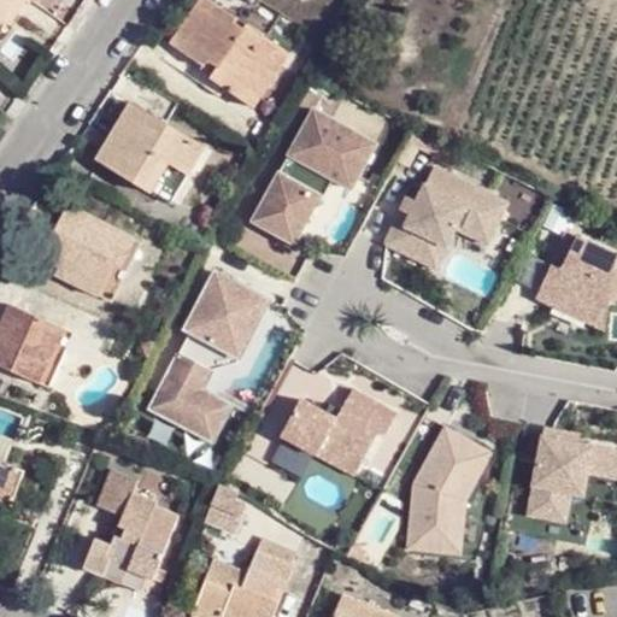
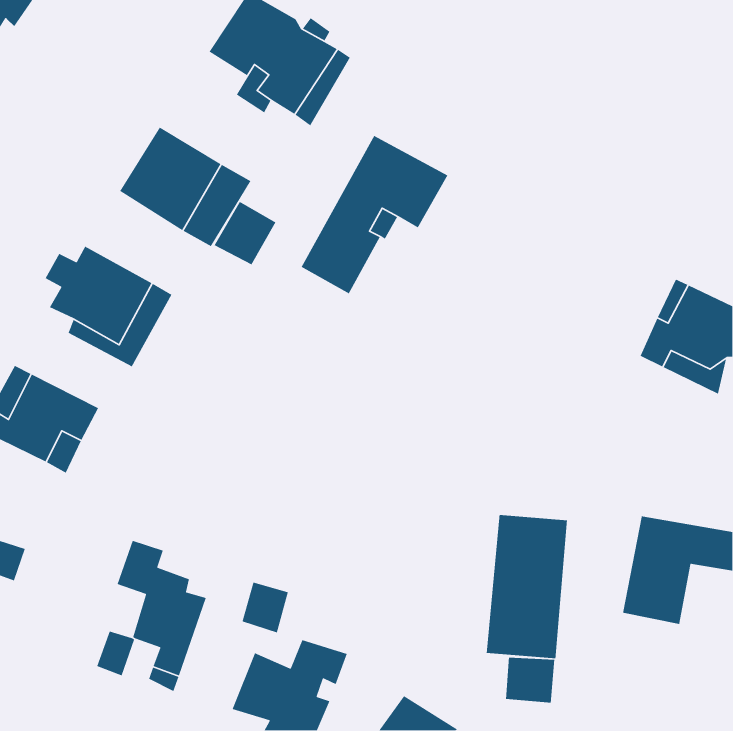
building: none -> [214,201,277,266]
building: [384,170,509,271] -> none
building: [141,268,264,442] -> none
building: [276,384,390,478] -> none
building: none -> [505,657,555,703]

